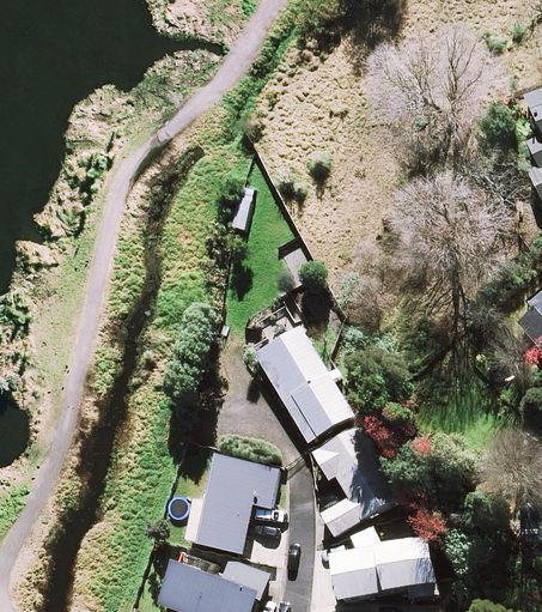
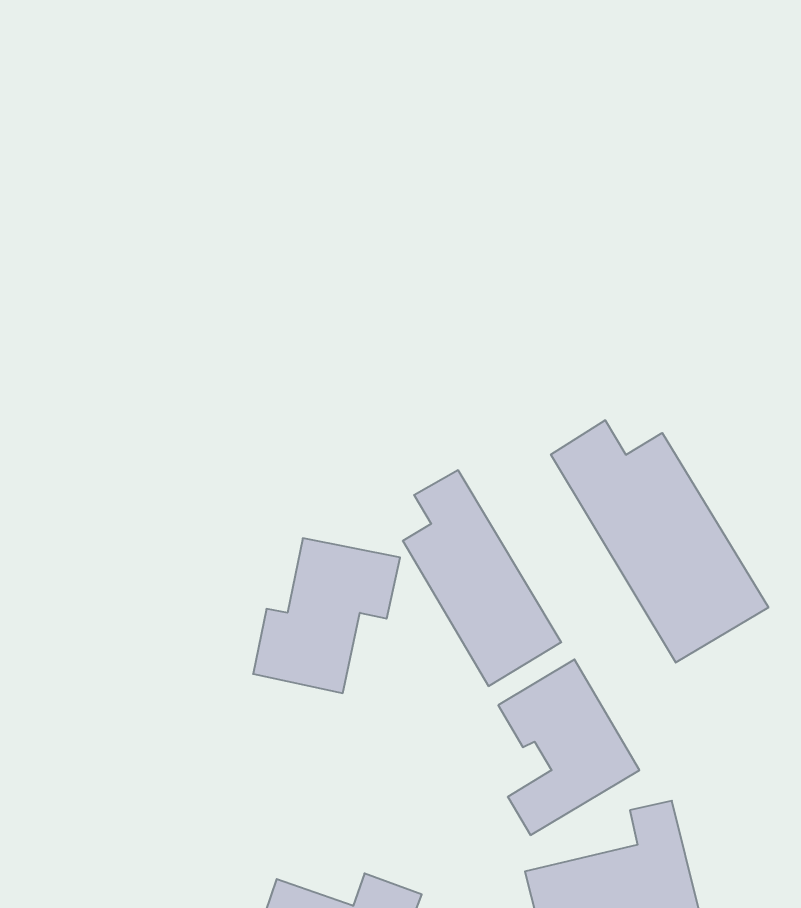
building: none -> [551,420,768,663]
building: [188,458,280,555] -> [253,538,400,693]

